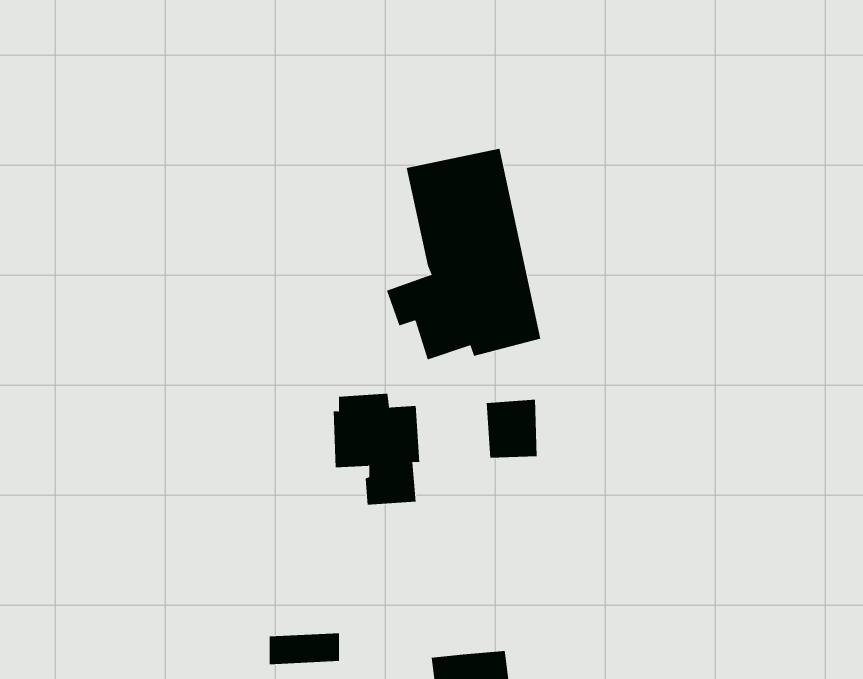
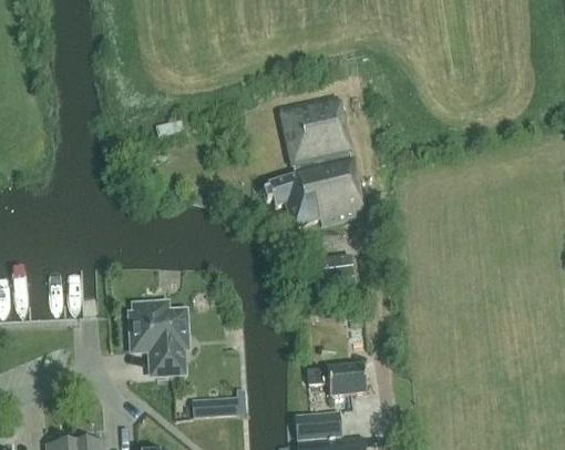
building: [333,393,420,505] -> [131,305,185,375]
building: none -> [306,365,364,397]

